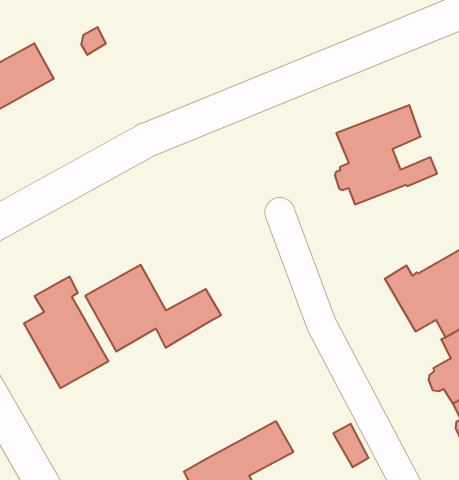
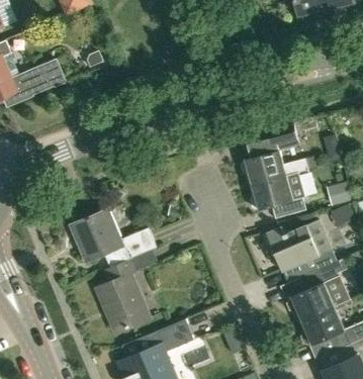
building: none -> [251,175,307,218]
building: [24,277,109,388] -> [98,261,151,333]

